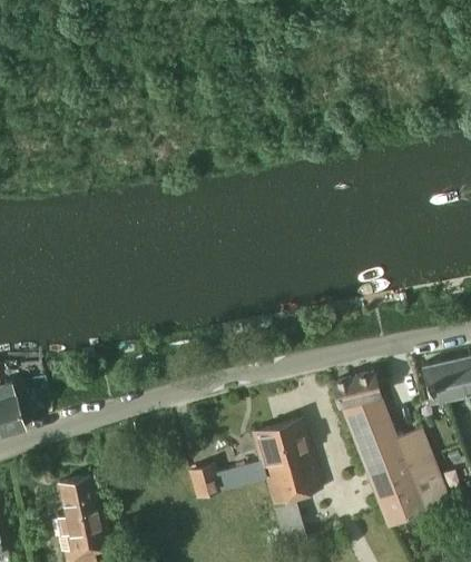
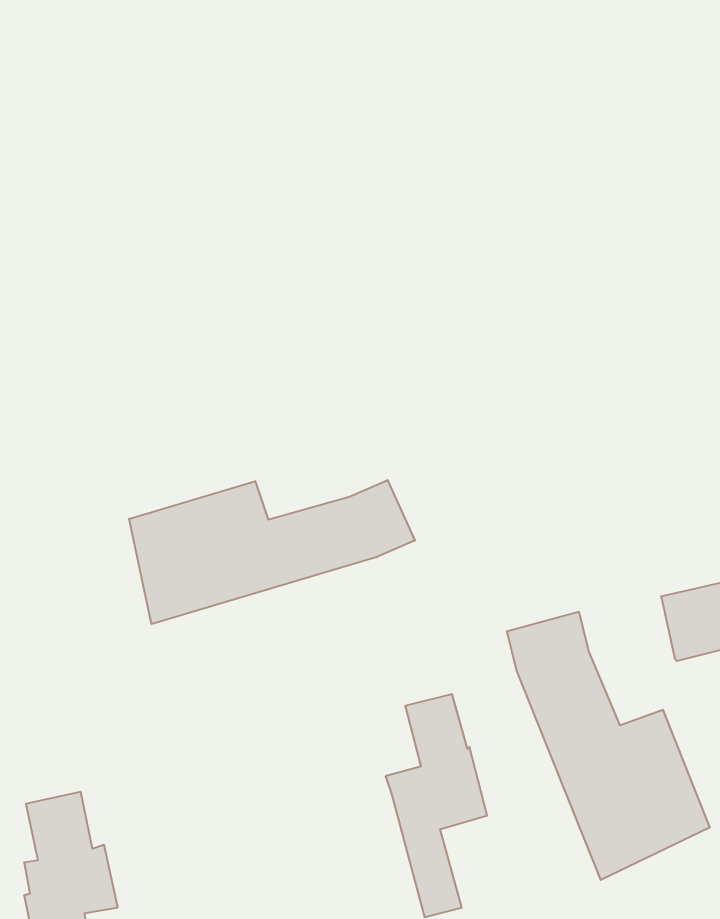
building: none -> [129,480,415,624]
building: [189,427,285,499] -> none

